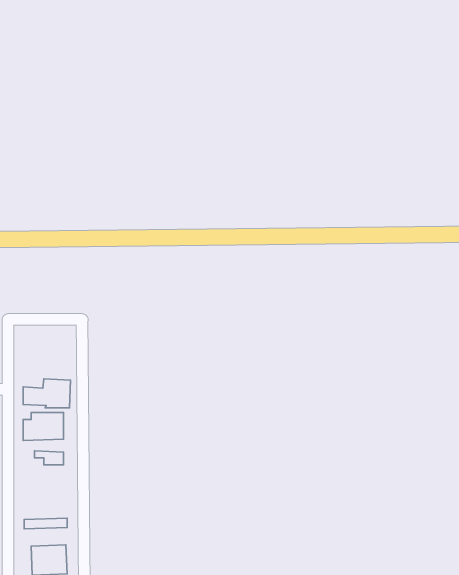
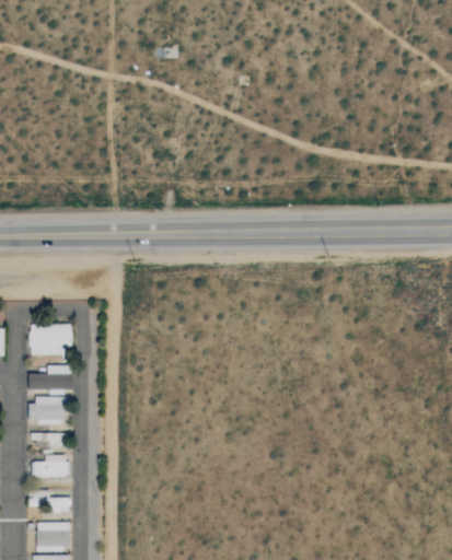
building: none -> [28,324,71,355]
building: none -> [32,455,67,477]

